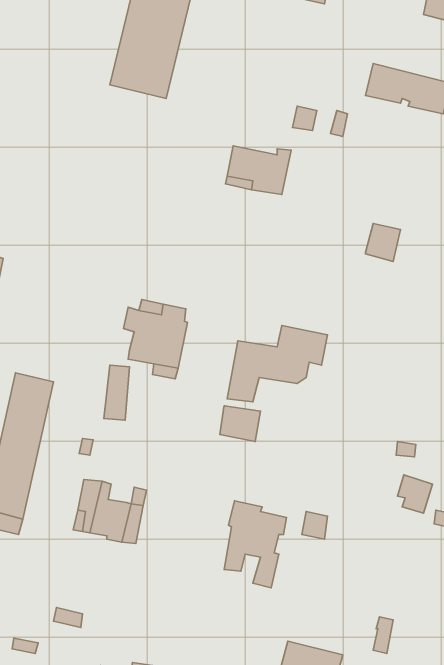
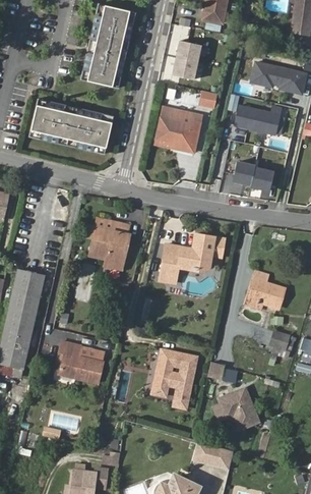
building: none -> [171,38,199,76]
building: none -> [28,96,113,151]
building: none -> [235,103,281,132]
building: none -> [232,161,255,186]
building: none -> [247,273,287,312]
building: [220,406,261,441] -> none
building: none -> [219,391,259,432]

